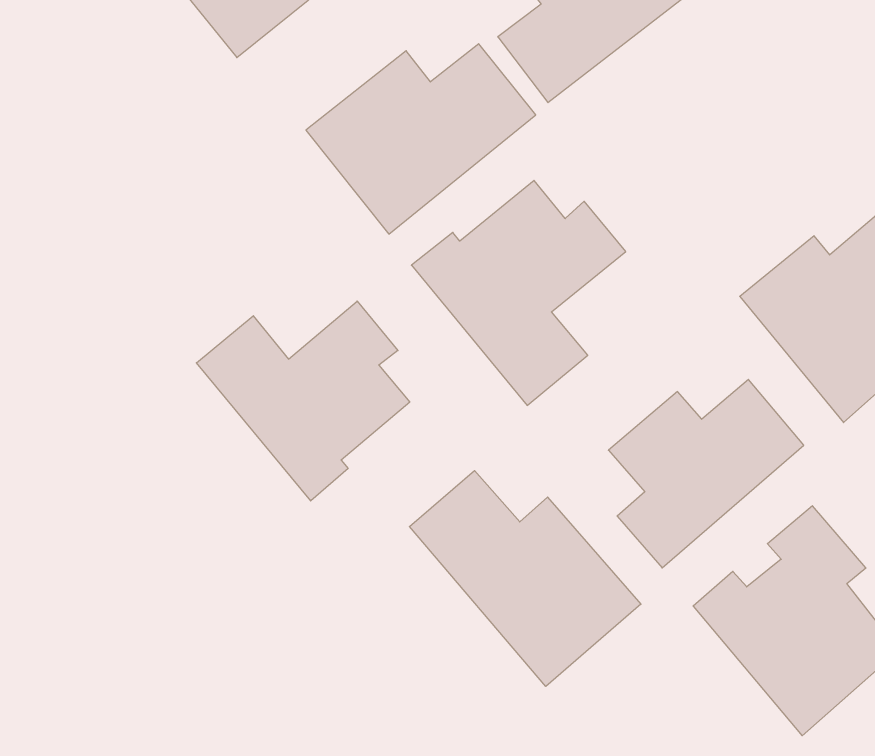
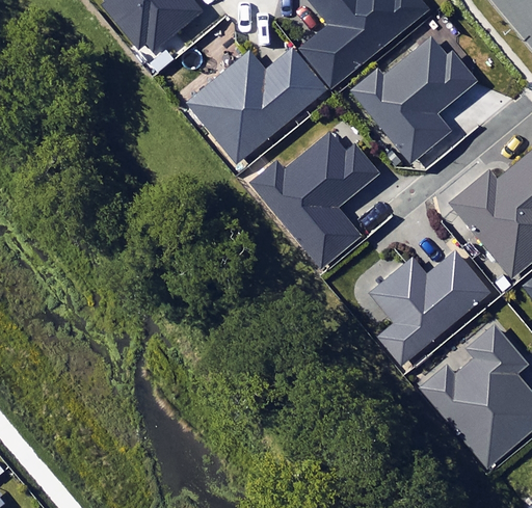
building: none -> [353,42,475,163]
building: [196,301,410,501] -> none
building: [409,471,641,686] -> none

